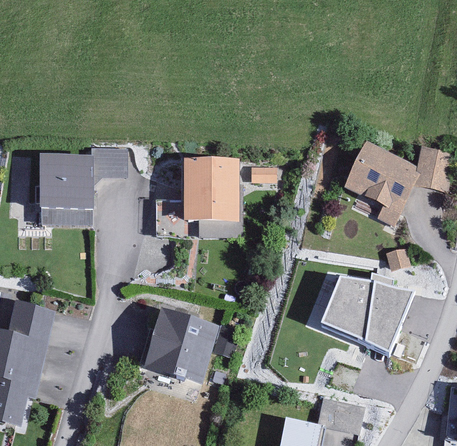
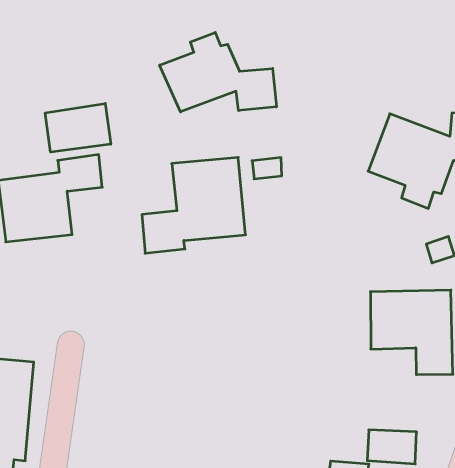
building: none -> [160,32,276,112]
building: none -> [45,103,111,152]
building: [144,312,236,395] -> none

